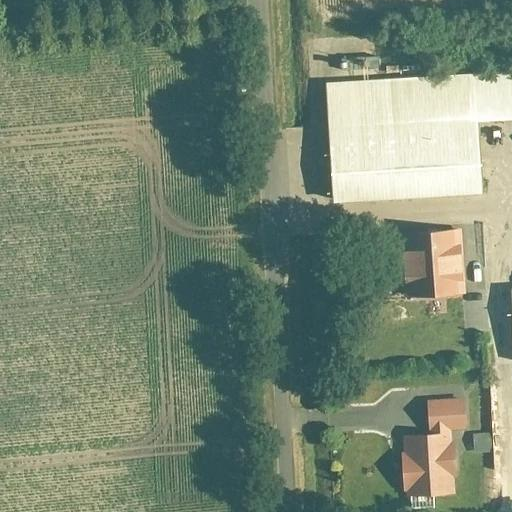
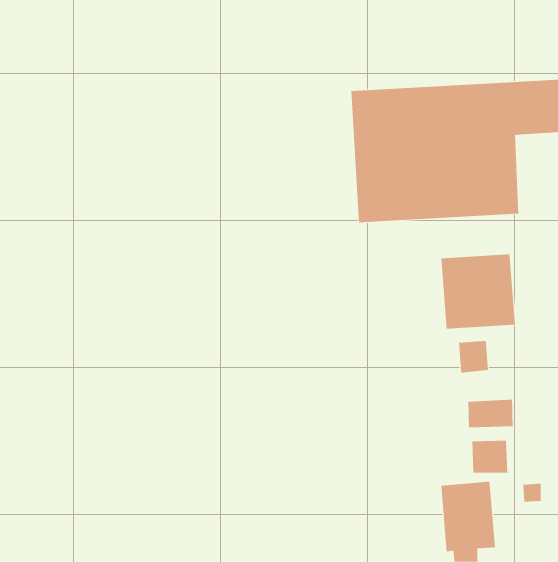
building: none -> [459,340,489,374]
building: none -> [468,399,513,428]

